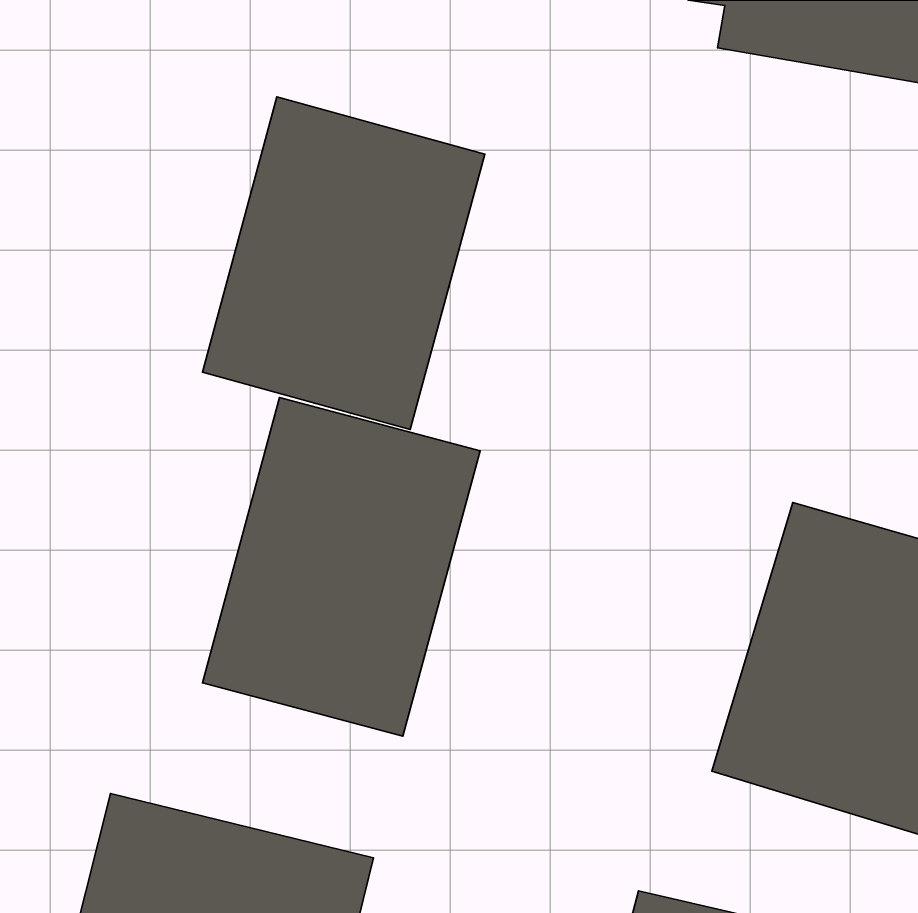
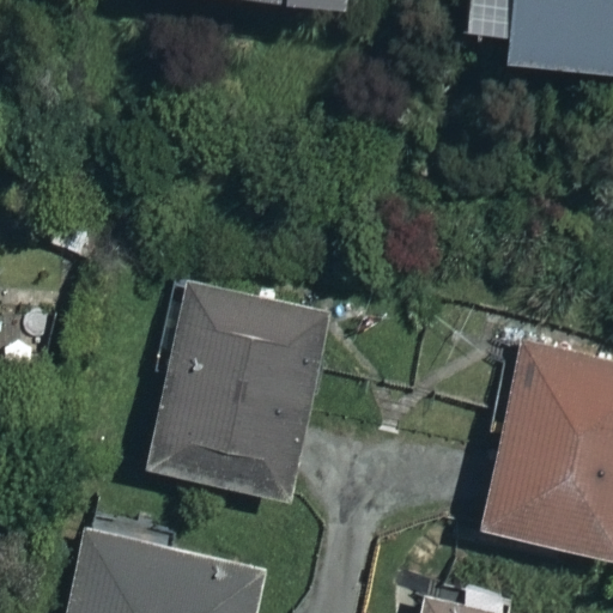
building: [202,97,485,429] -> none

